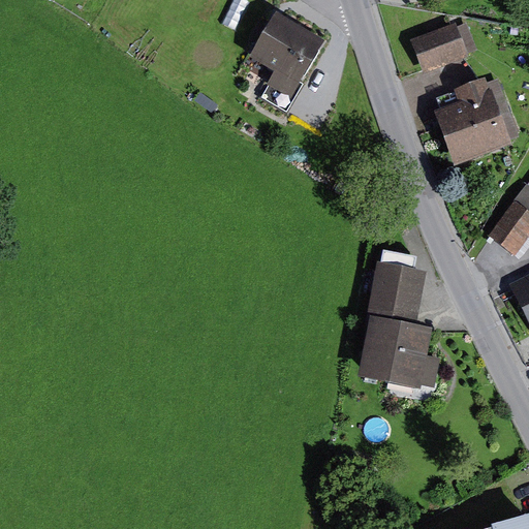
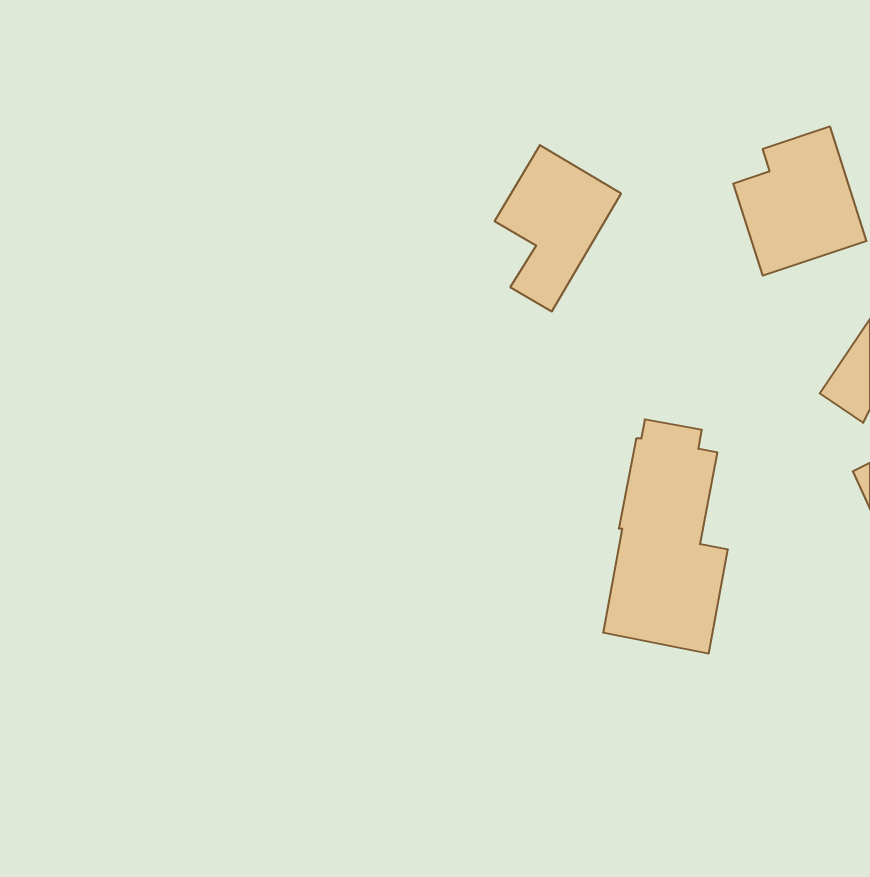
building: [250,9,325,108] -> [495,145,621,311]
building: [409,21,469,72] -> none

